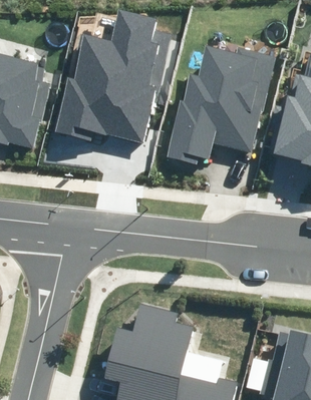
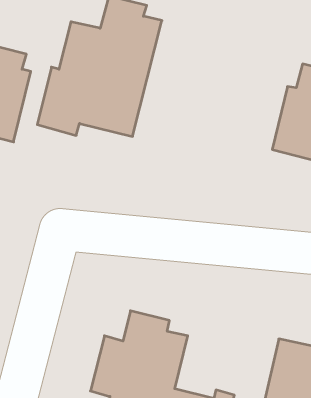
building: [166,46,275,164] -> none

